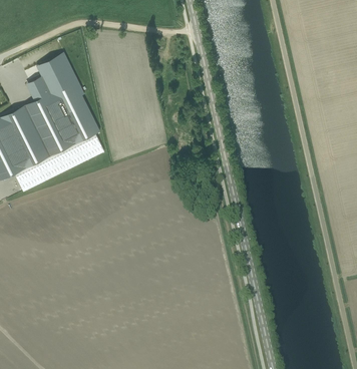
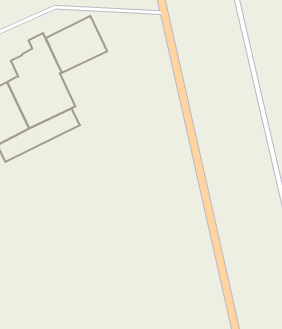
building: none -> [46,16,107,73]

